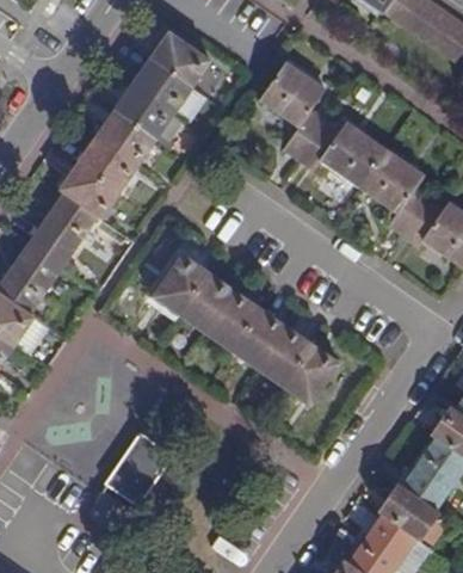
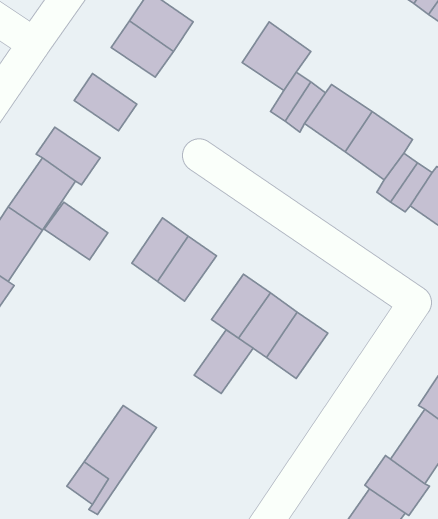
building: [112,85,173,140] -> none
building: [75,136,137,192] -> [44,202,108,260]
building: [202,288,259,350] -> [194,330,253,393]

